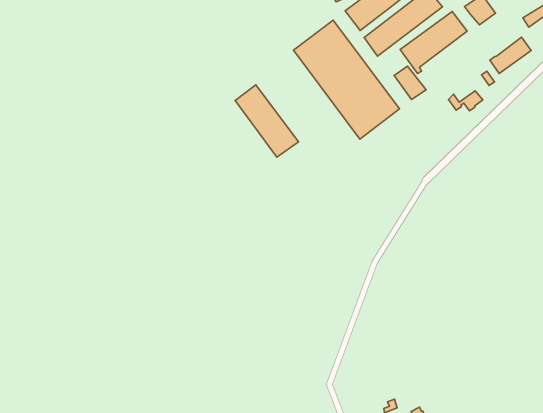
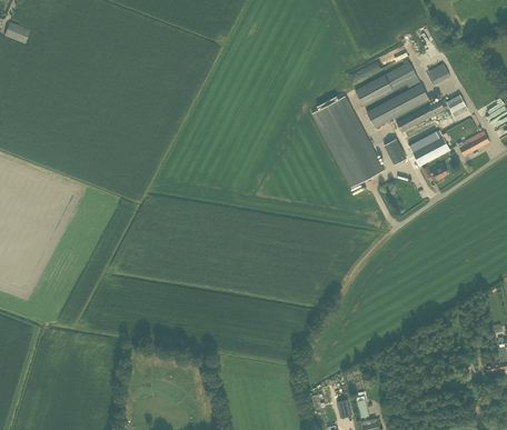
building: none -> [412,136,450,166]
building: [235,85,298,157] -> none

